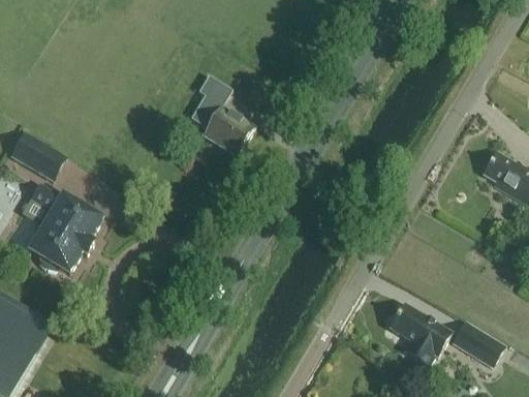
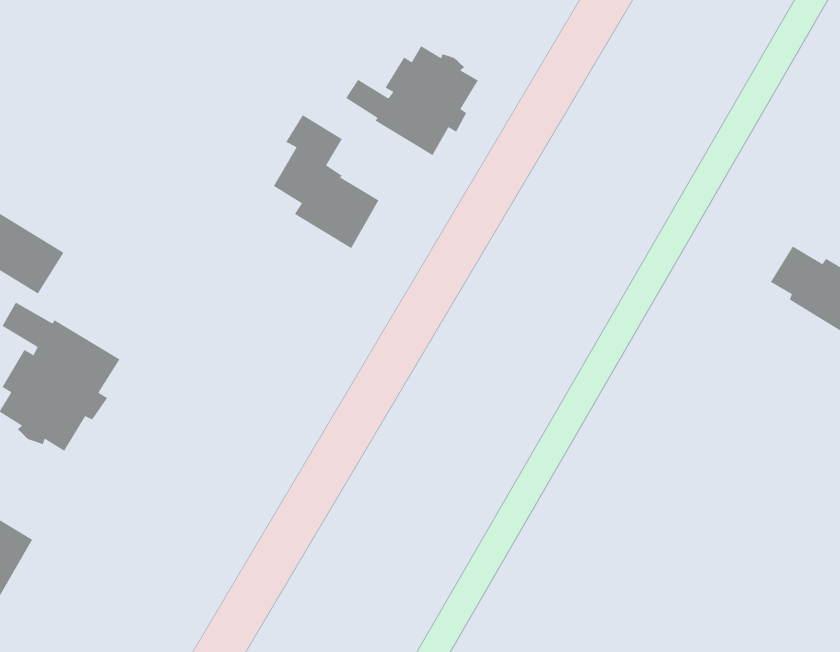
building: none -> [345,45,479,156]
building: [391,304,450,367] -> none
building: [453,322,504,366] -> none

